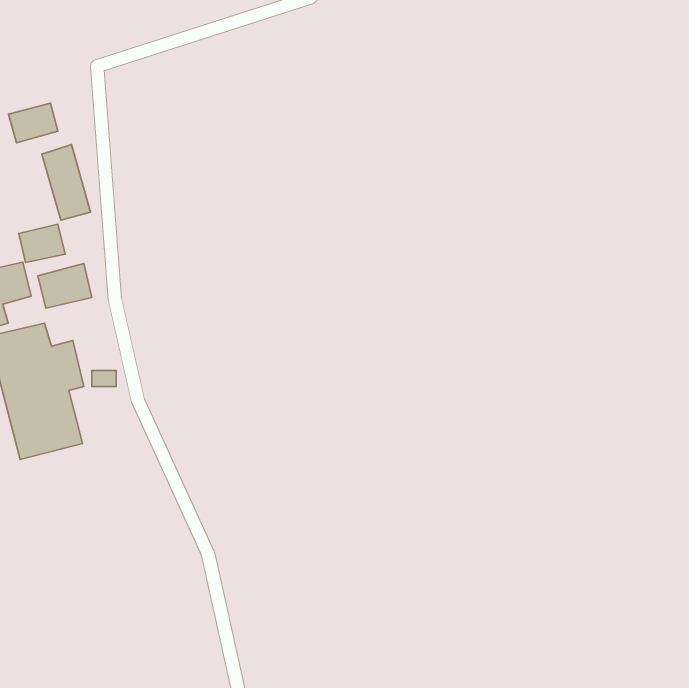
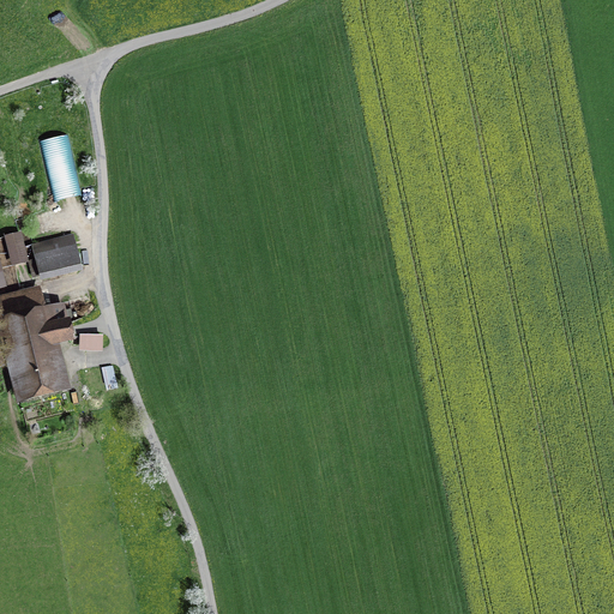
building: [9,103,58,143] -> none
building: [19,224,65,263] -> none

